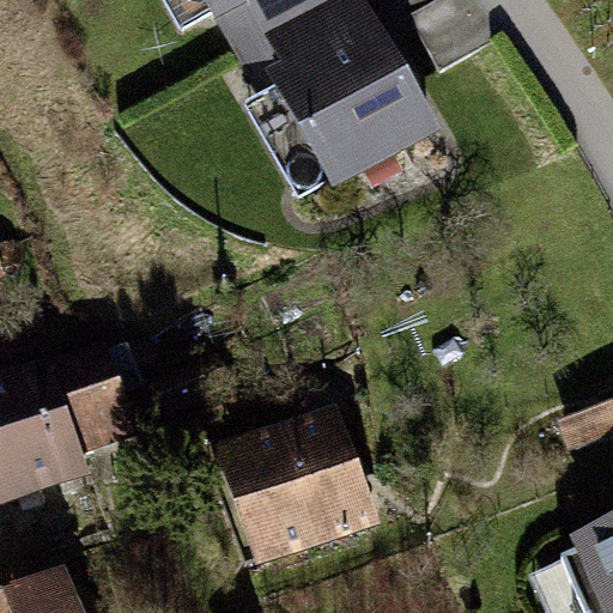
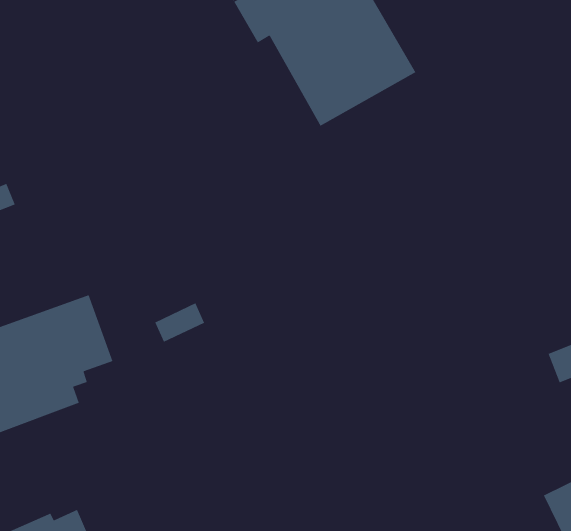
building: [242,420,375,557] -> none

